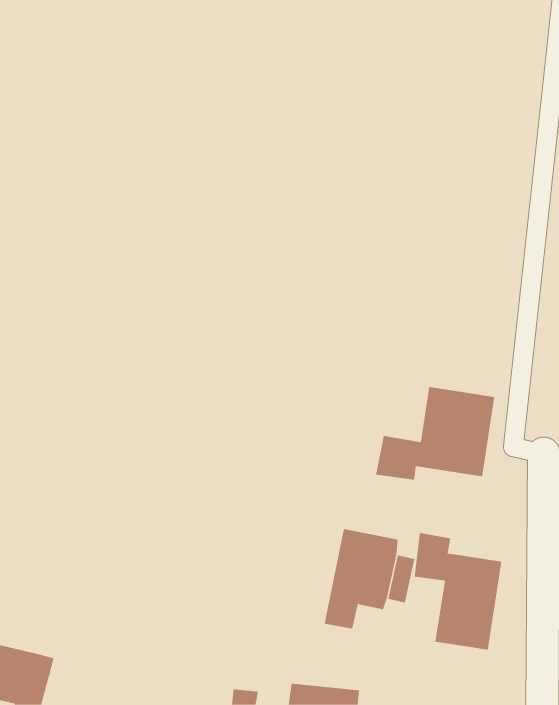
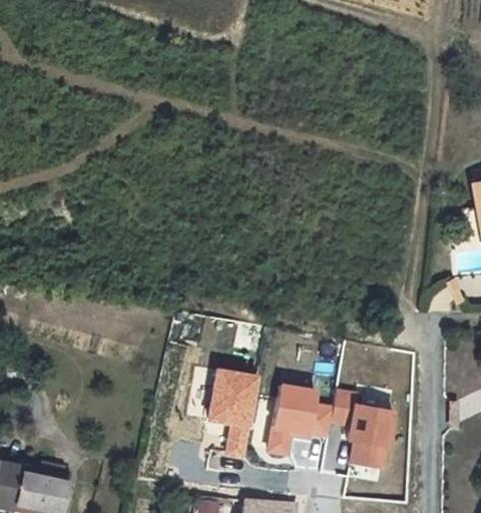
building: [375,386,495,481] -> none
building: none -> [208,368,262,457]

